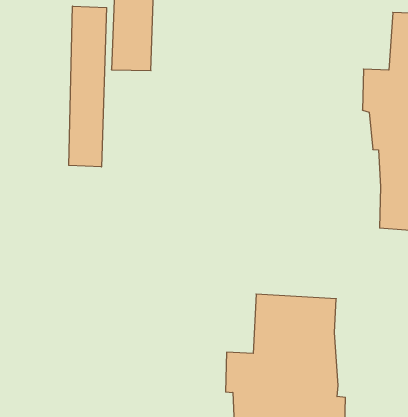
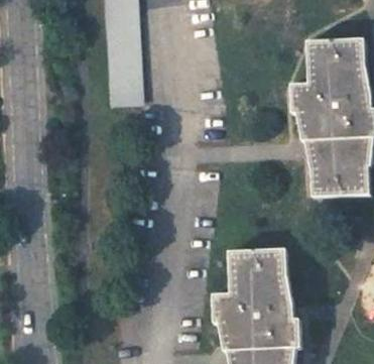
building: [69,6,107,167] -> none

